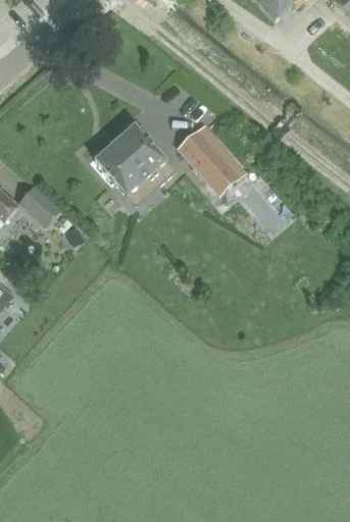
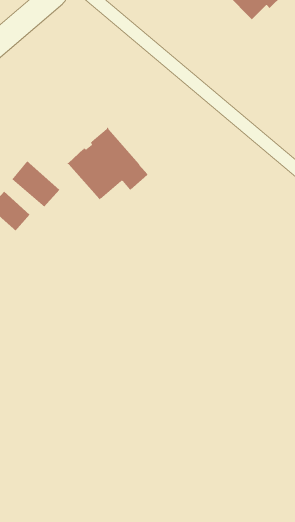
building: [177,124,245,185] -> none
building: none -> [11,161,60,207]

